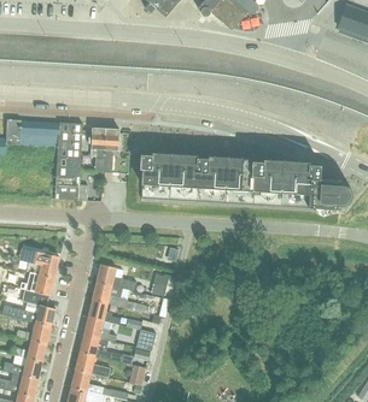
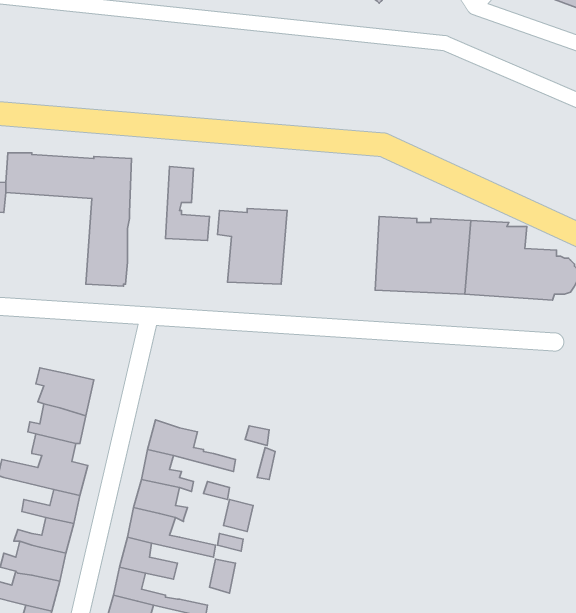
building: [80,128,105,171] -> none
building: [173,154,232,202] -> none
building: [97,262,136,290] -> none

